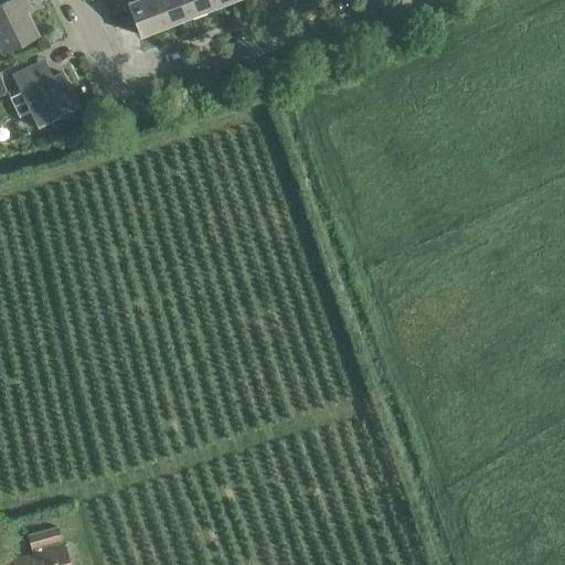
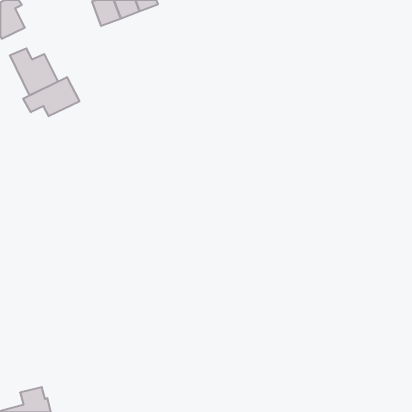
building: none -> [23,77,79,116]

